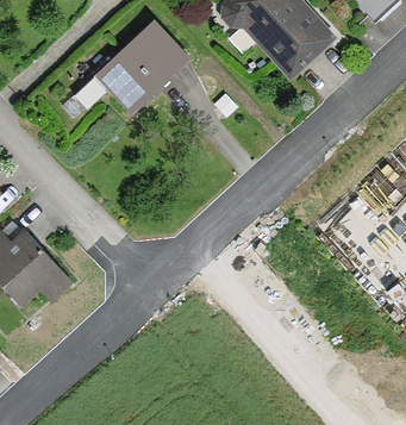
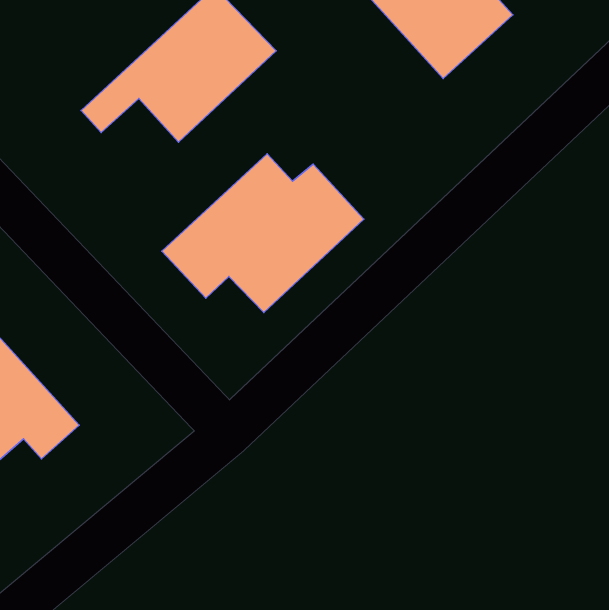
building: none -> [162,154,364,312]

